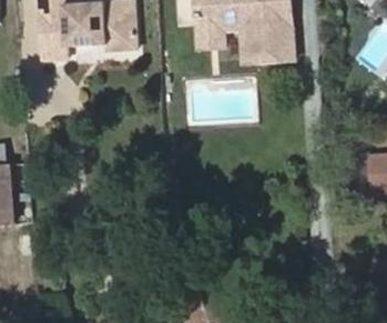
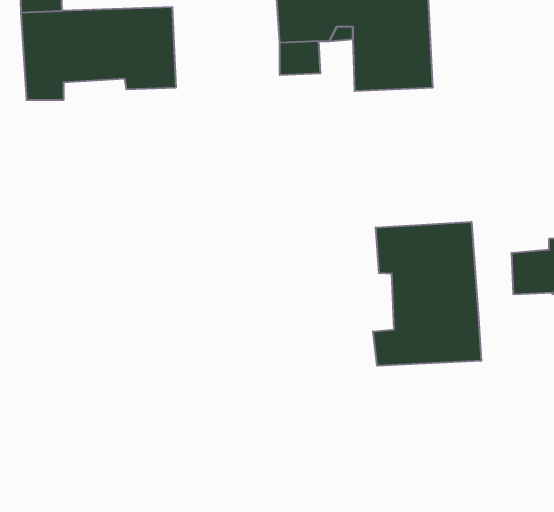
building: none -> [373,222,481,366]

